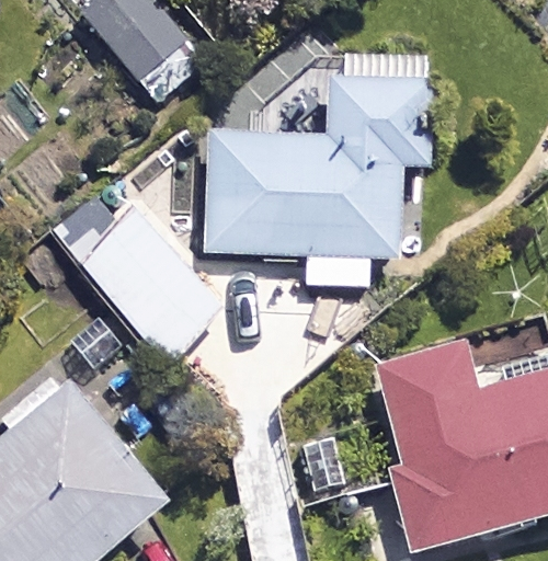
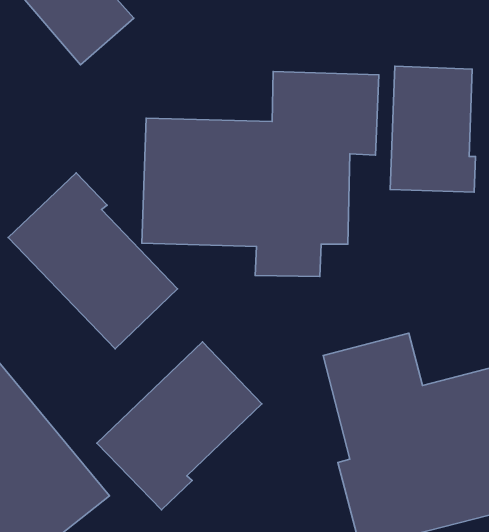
building: none -> [390,66,476,192]
building: none -> [97,342,262,510]

